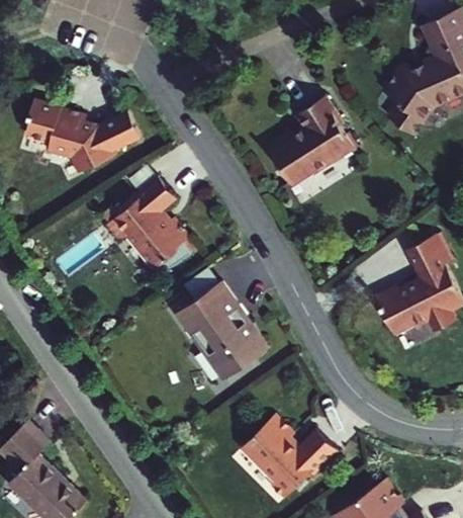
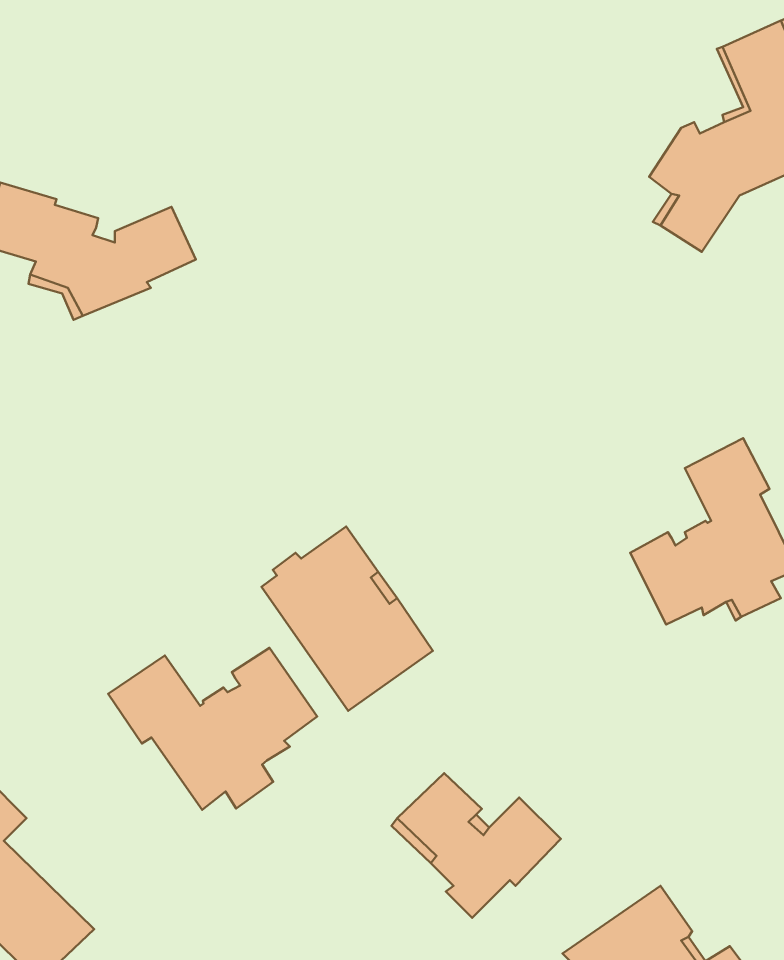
building: [266,98,355,187] -> none
building: [104,181,186,274] -> none
building: none -> [108,648,317,810]

